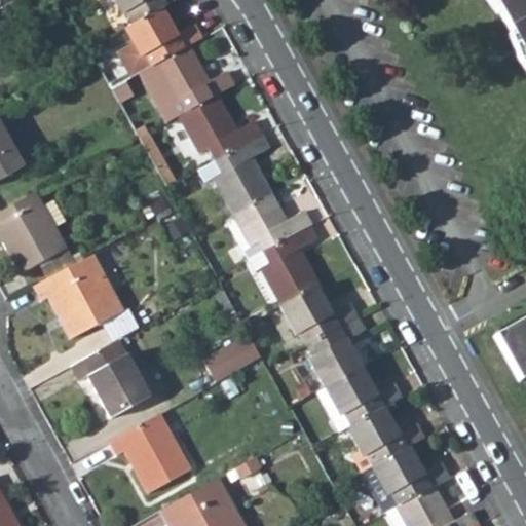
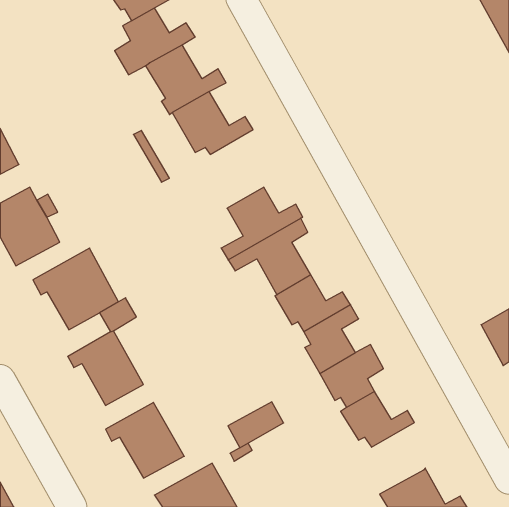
building: [212,134,272,215] -> none
building: [205,334,263,381] -> [228,402,284,448]
building: [369,435,445,510] -> none

